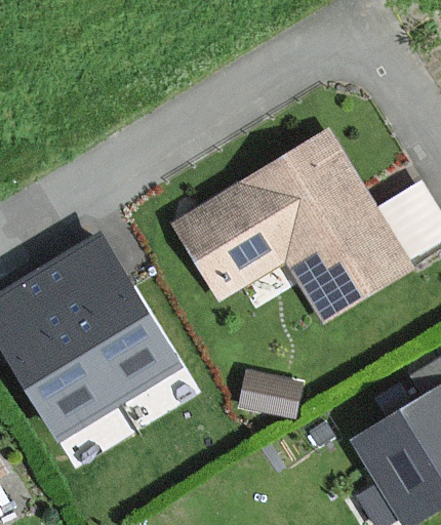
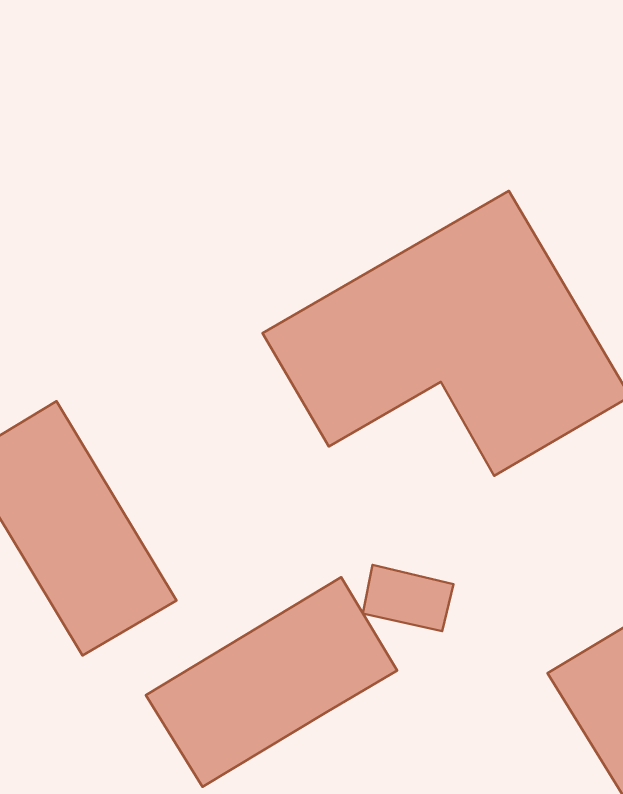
building: [43,235,177,396] -> none
building: none -> [146,577,397,787]

